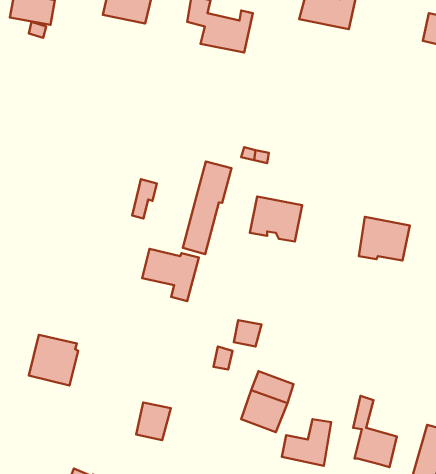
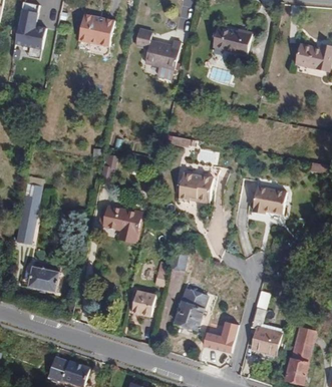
building: [183,161,231,254] -> none
building: none -> [11,182,40,251]
building: [136,402,171,440] -> [131,293,155,319]

